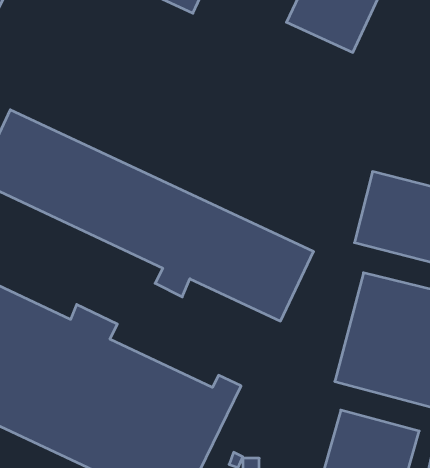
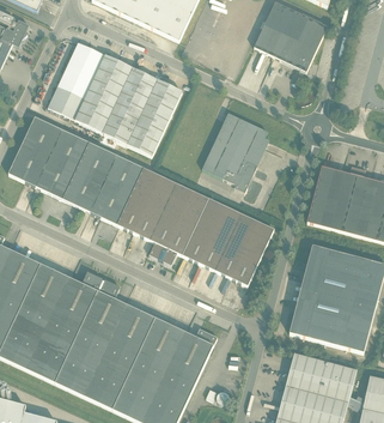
building: none -> [47,42,182,157]
building: none -> [201,113,267,193]

